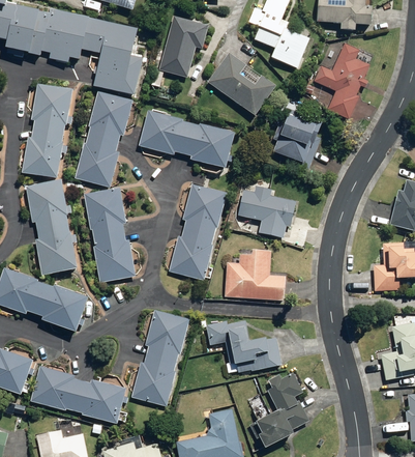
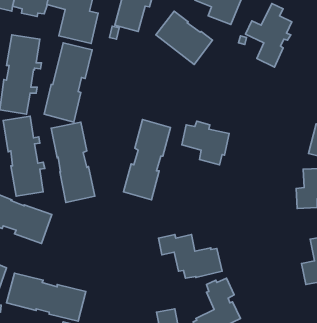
building: [273,108,322,169] -> none
building: [139,110,233,167] -> none
building: [226,249,286,301] -> none
building: [132,309,189,405] -> none

